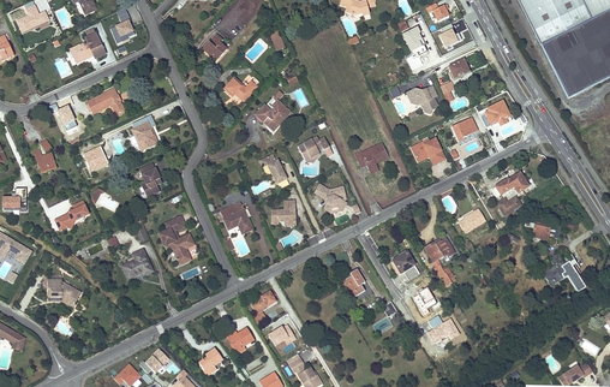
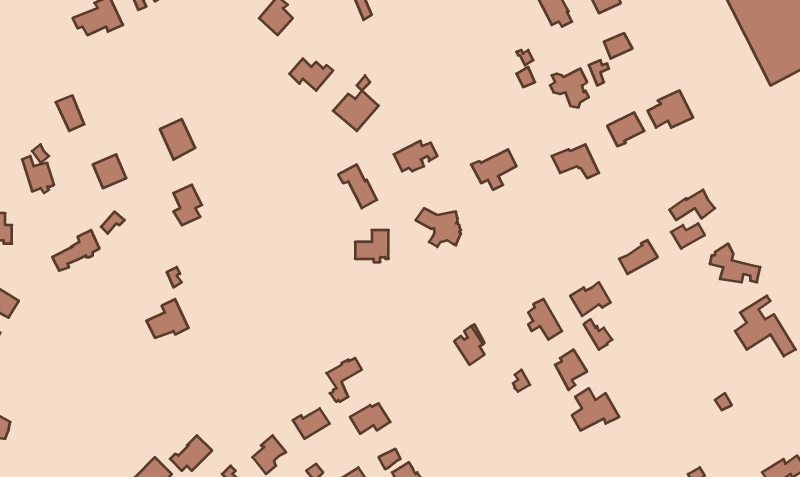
building: [86,88,125,114] -> none
building: [220,201,252,233] -> none
building: [160,215,195,263] -> none
building: [48,273,80,302] -> none

